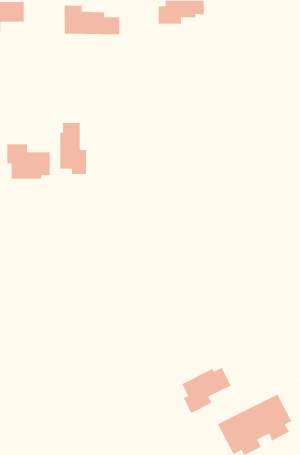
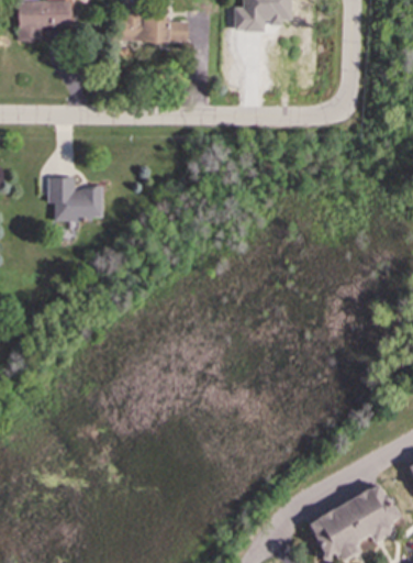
building: [59,122,87,175] -> none
building: [181,367,232,414] -> none

